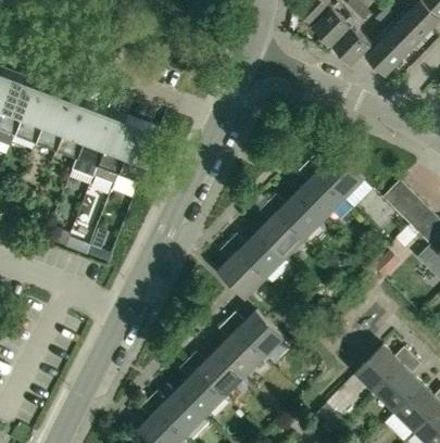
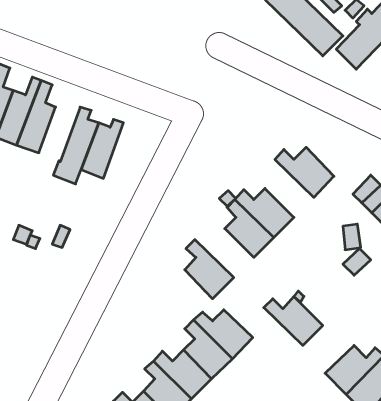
building: [75,100,120,167] -> none
building: [296,165,343,221] -> none
building: [227,232,285,280] -> [264,296,323,345]

